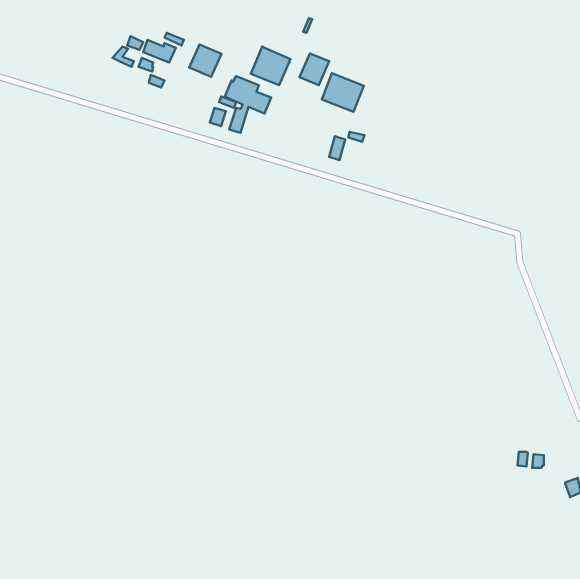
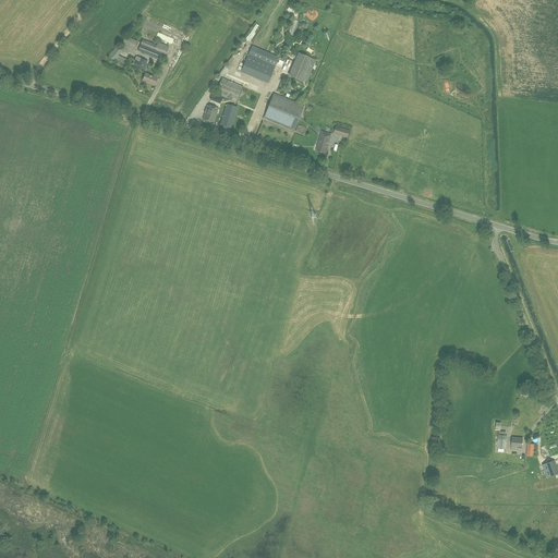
building: [189,44,221,77] -> none
building: [322,73,364,112] -> [264,93,304,130]

